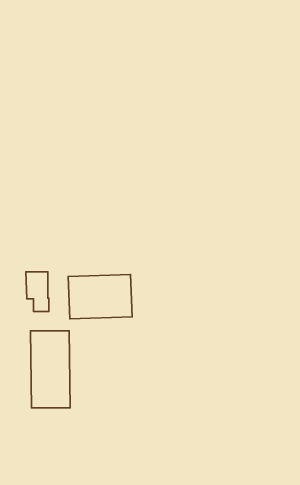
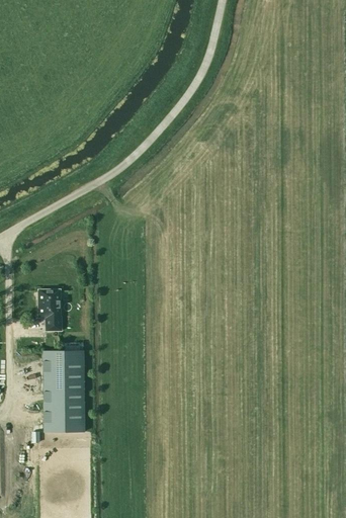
building: [68,274,132,319] -> none

